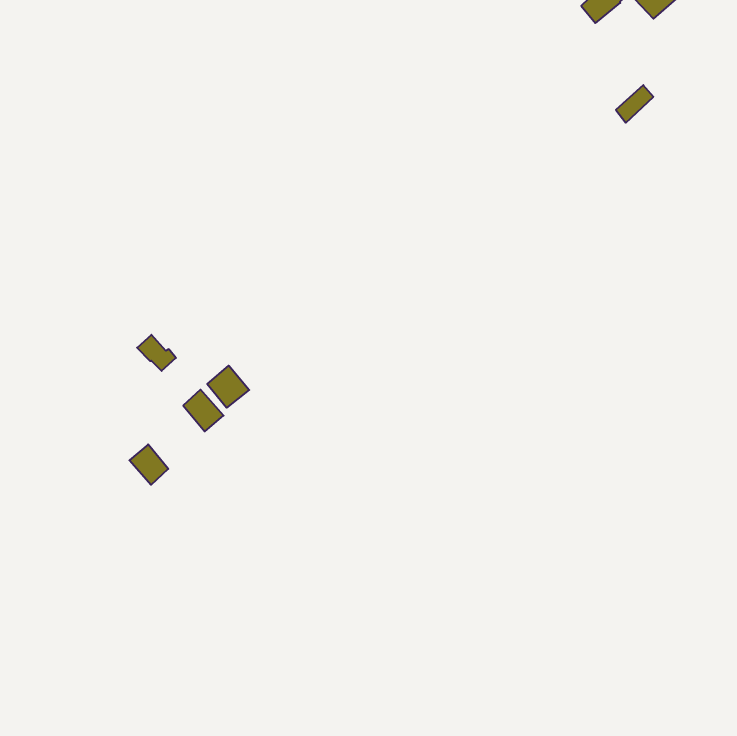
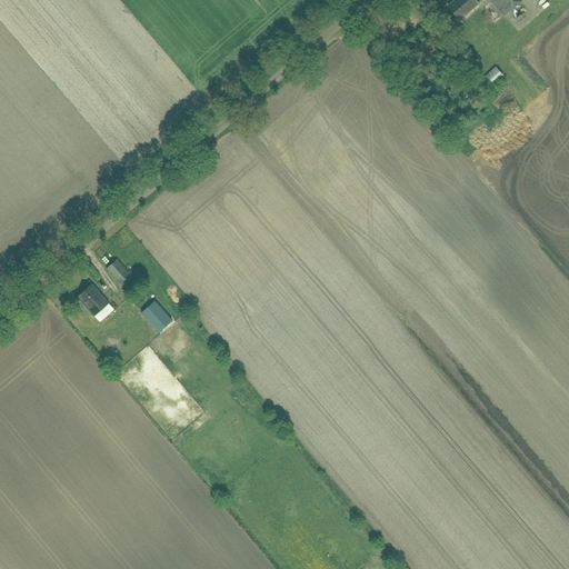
building: [207,366,249,408] -> none
building: [129,444,168,485] -> [78,283,108,315]

